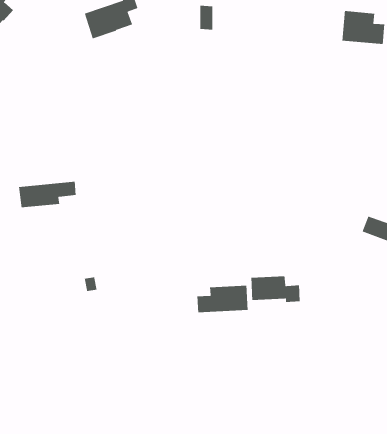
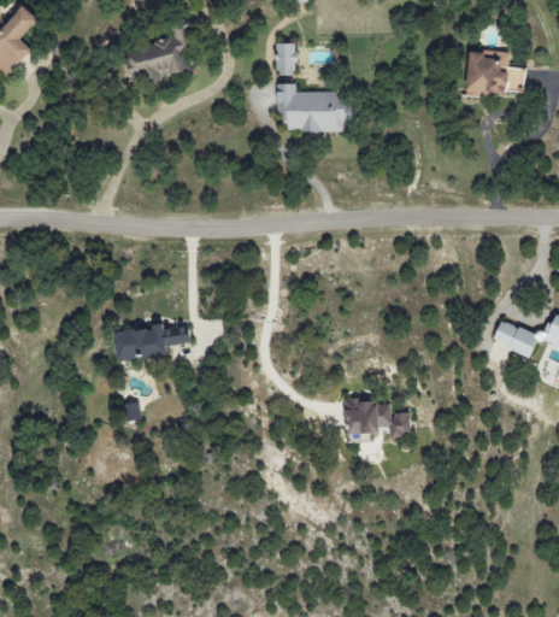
building: none -> [276,83,347,131]
building: [18,181,76,208] -> [113,324,190,360]
building: [196,285,248,313] -> none

